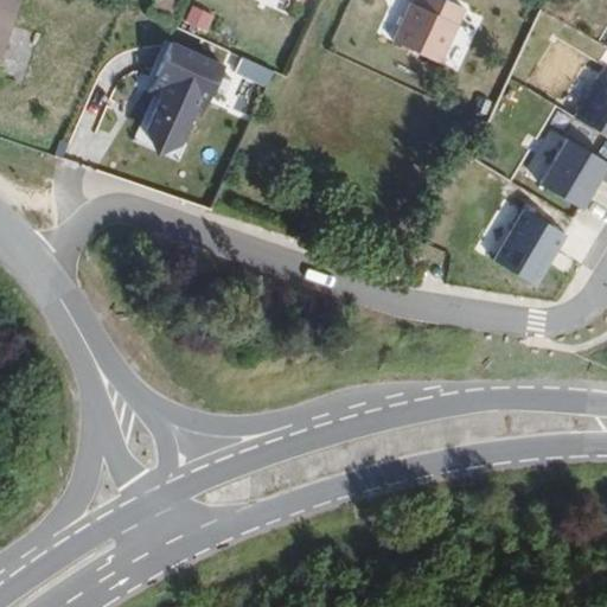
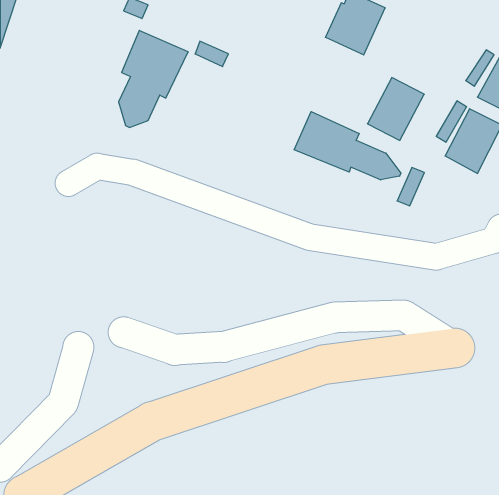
building: none -> [294,112,401,180]
building: [496,206,564,282] -> [367,78,424,140]

